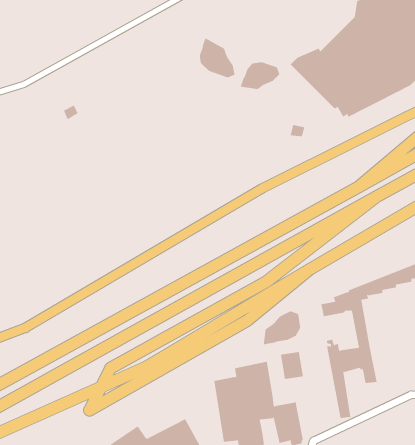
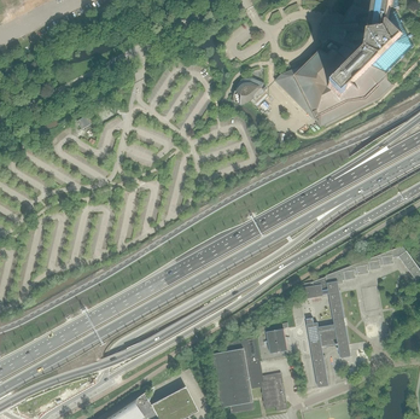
building: [199,38,235,78] -> none
building: [263,310,301,345] -> none

